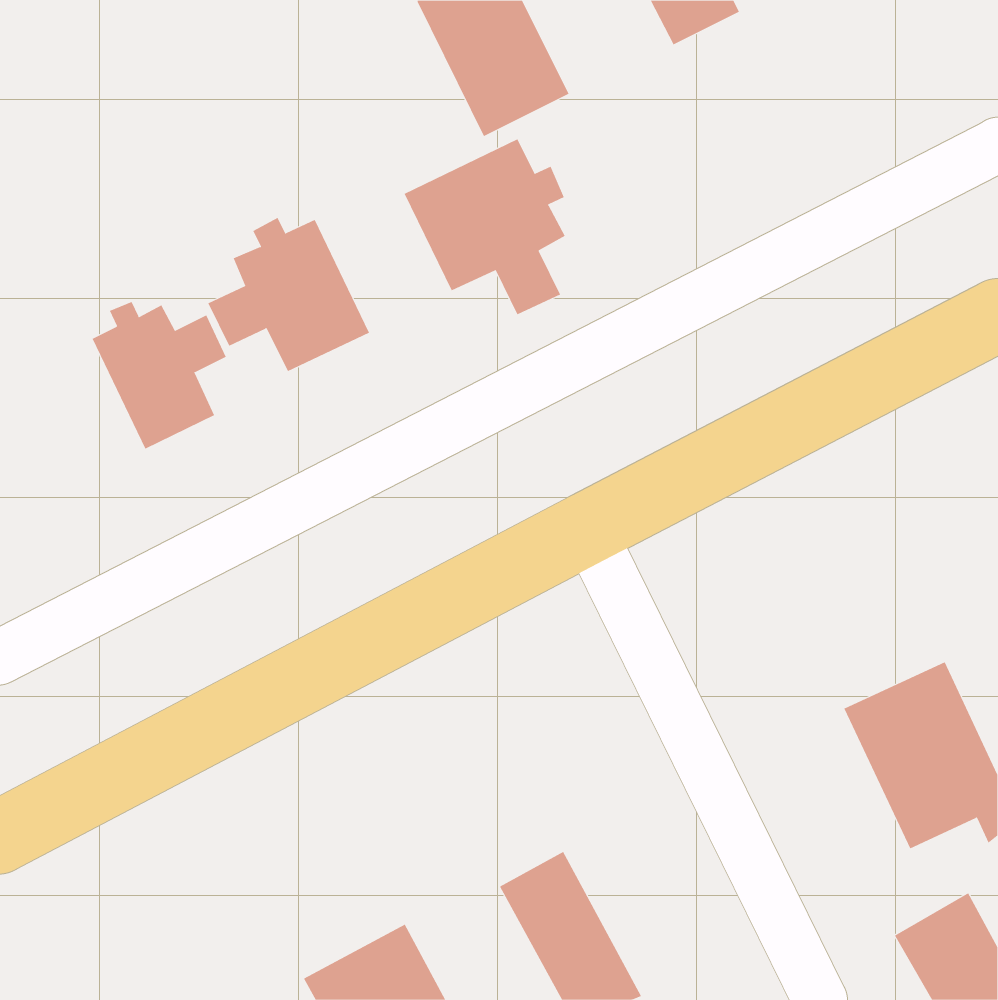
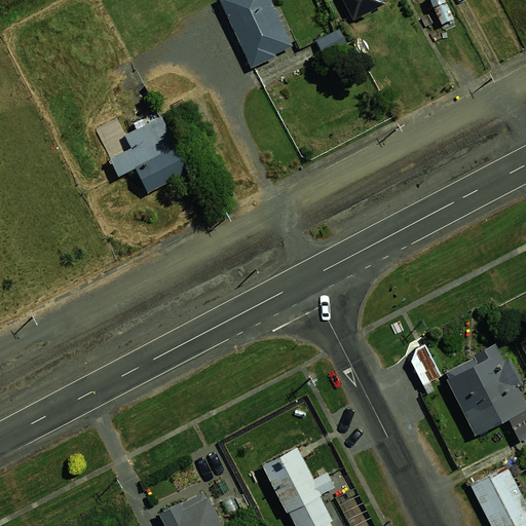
building: [404,139,565,315] -> none
building: [92,301,226,450] -> none

